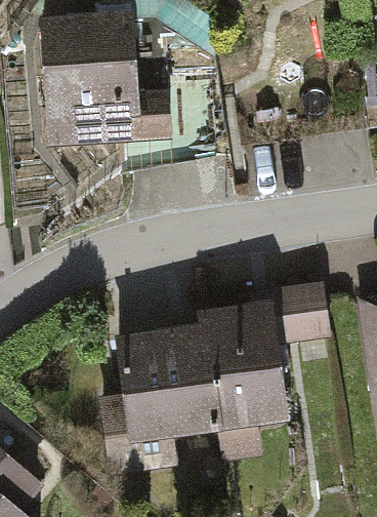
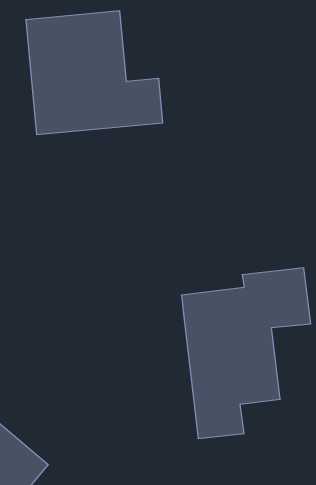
building: [94,330,211,476] -> none

